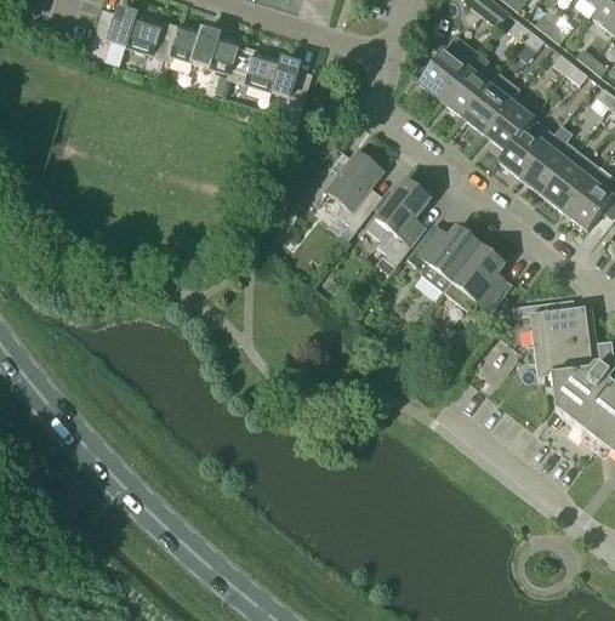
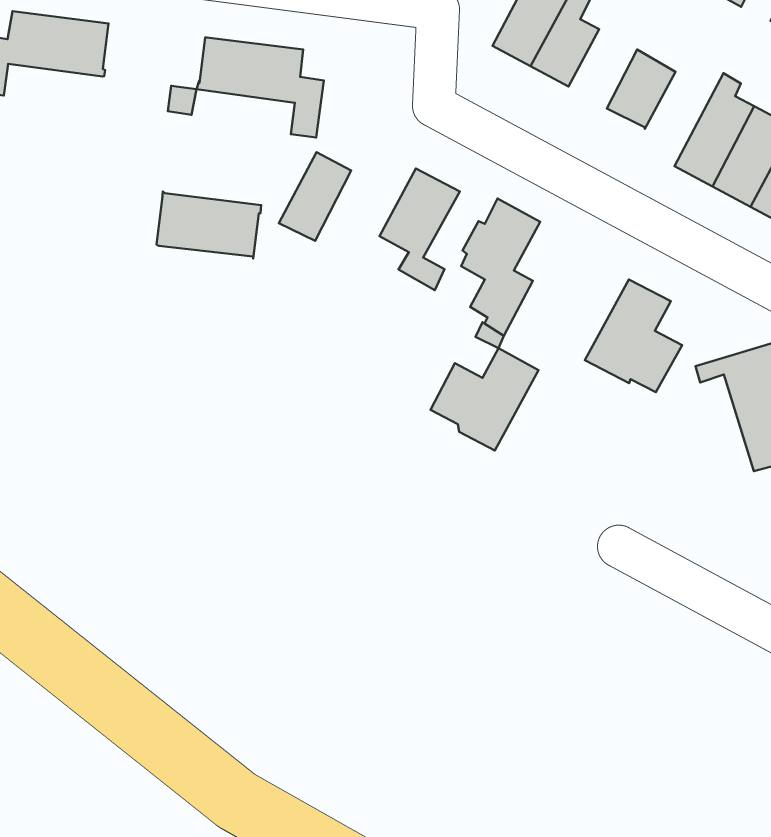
building: [171,22,241,74] -> [157,191,261,258]
building: [463,72,522,135] -> none
building: [499,119,563,178] -> none
building: none -> [279,152,351,241]
building: [408,227,480,291] -> [430,348,539,451]

